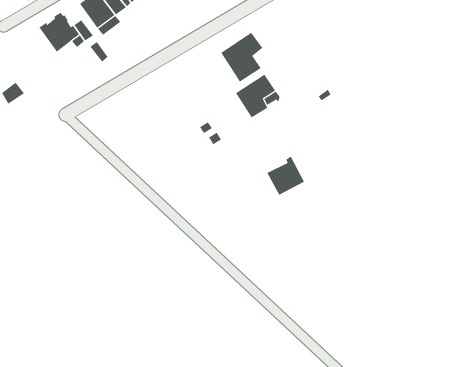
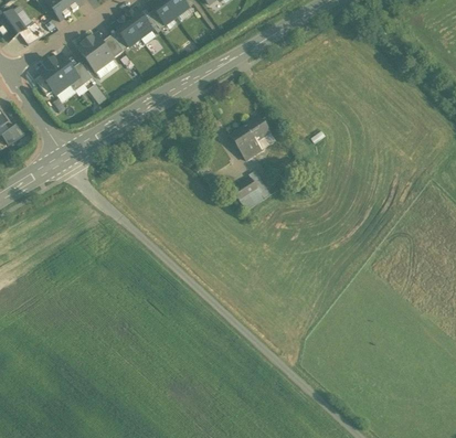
building: [220,32,263,82] -> none
building: [266,156,305,196] -> [233,169,271,207]

